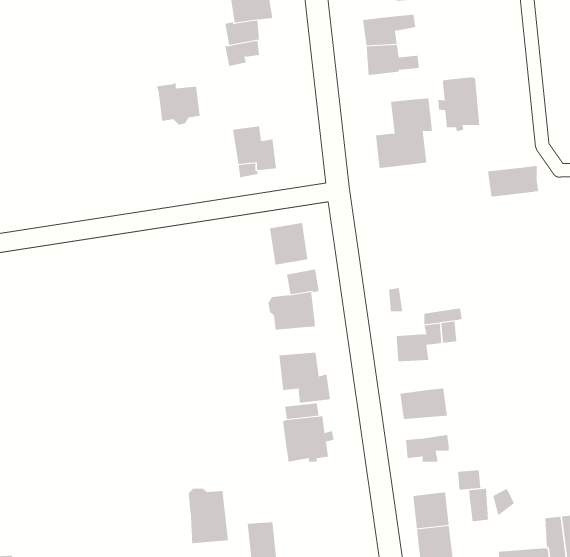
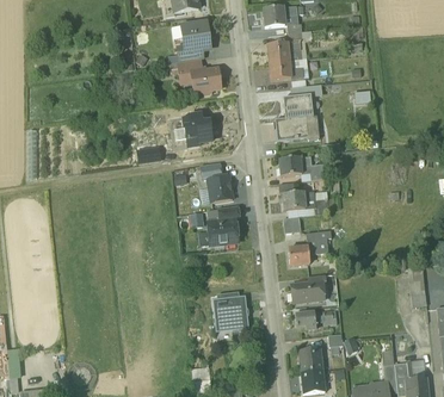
building: [438,76,480,132] -> none
building: [156,82,201,125] -> [192,66,221,93]
building: [487,166,539,197] -> [279,155,313,175]
building: none -> [283,190,316,210]
building: [279,352,331,404] -> none
building: [188,488,229,544] -> none

